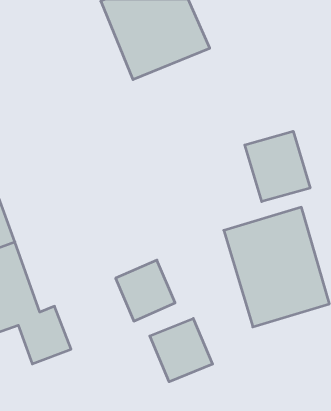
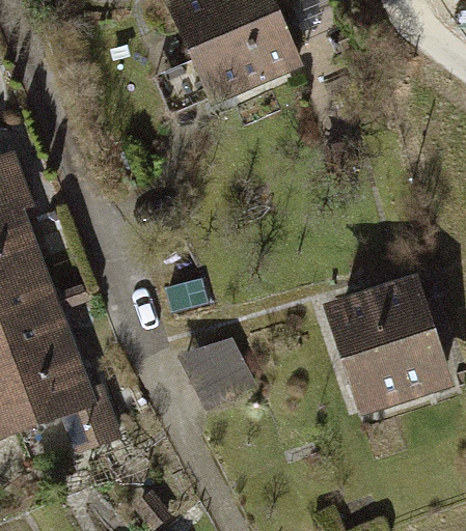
building: [245,131,310,202] -> none
building: [150,318,213,382] -> none

